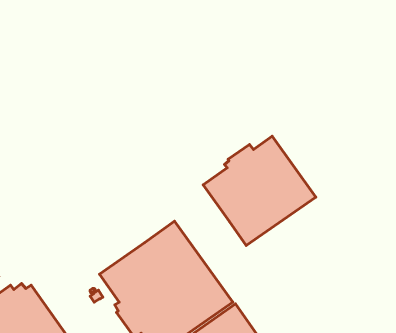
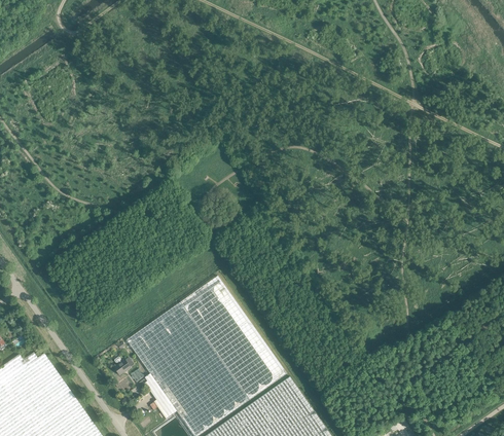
building: [203,136,316,246] -> none

